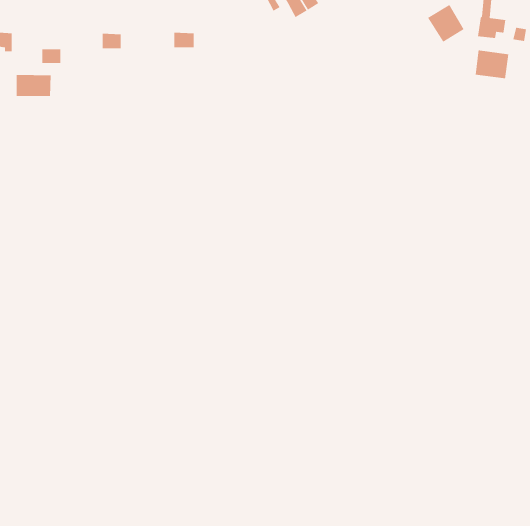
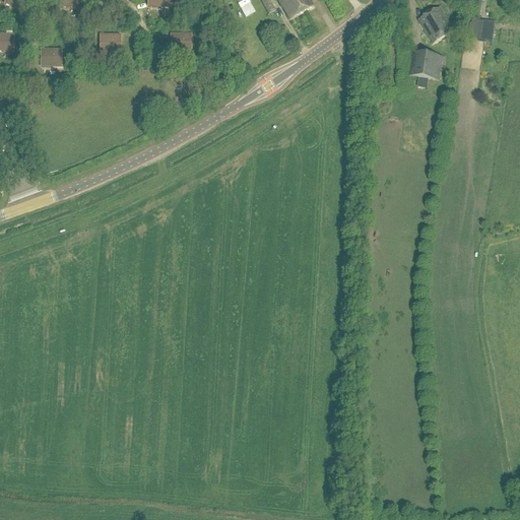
building: [475,50,509,79] -> [408,49,442,77]
building: [16,74,51,97] -> none

